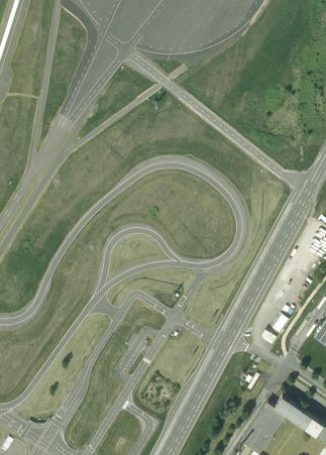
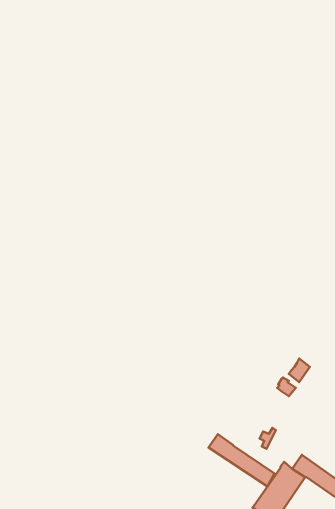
building: none -> [209,434,275,486]

